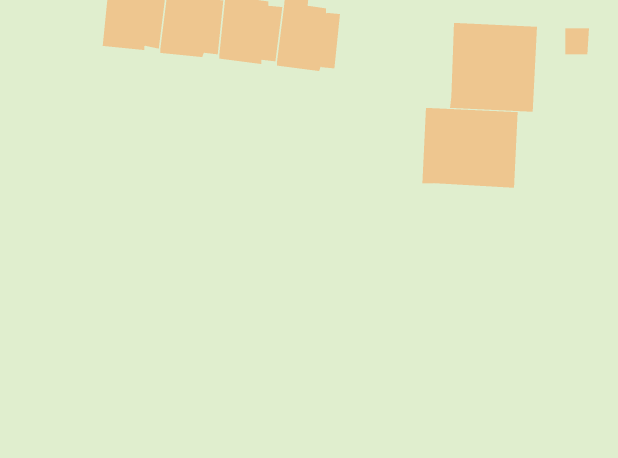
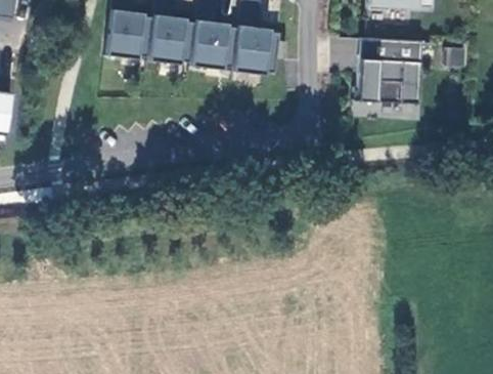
building: [422,107,518,189] -> none

